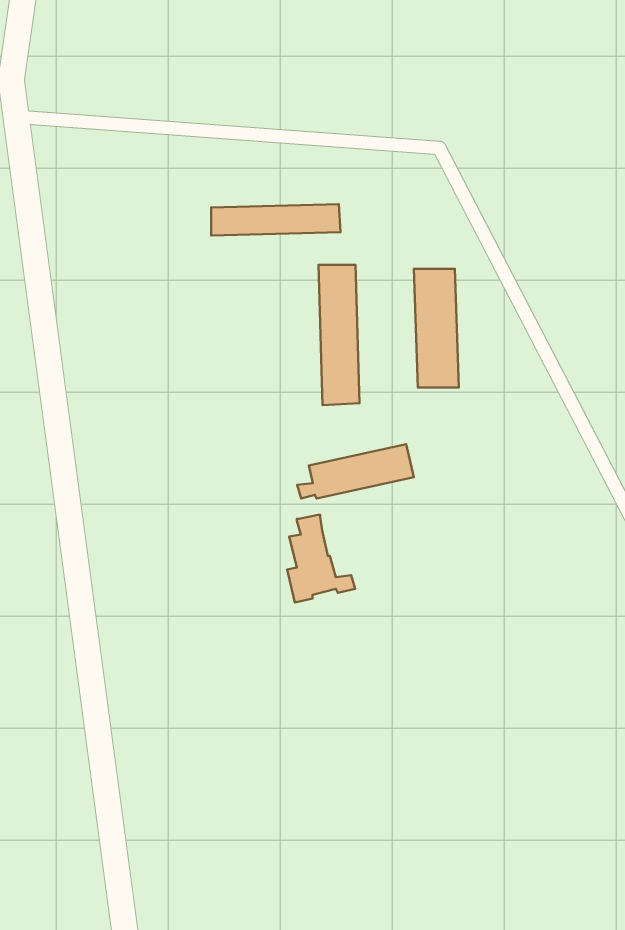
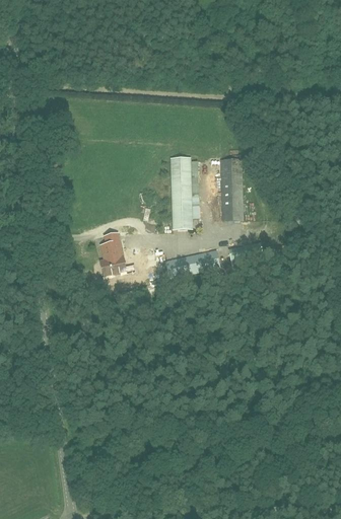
building: [211,204,340,236] -> none
building: [287,515,355,603] -> [100,232,136,278]

